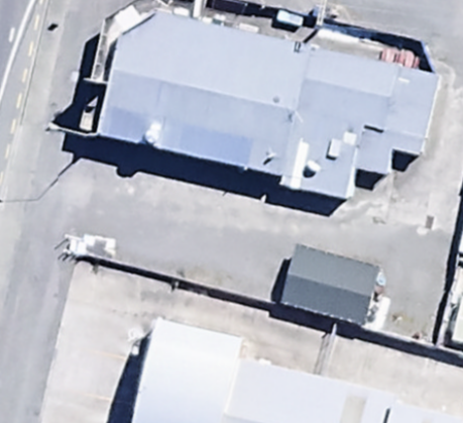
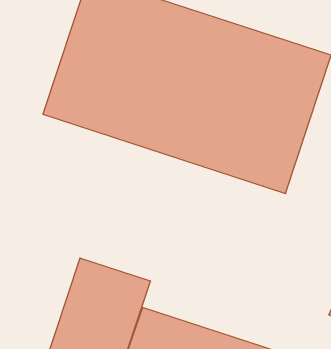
building: [272,246,375,334] -> none

